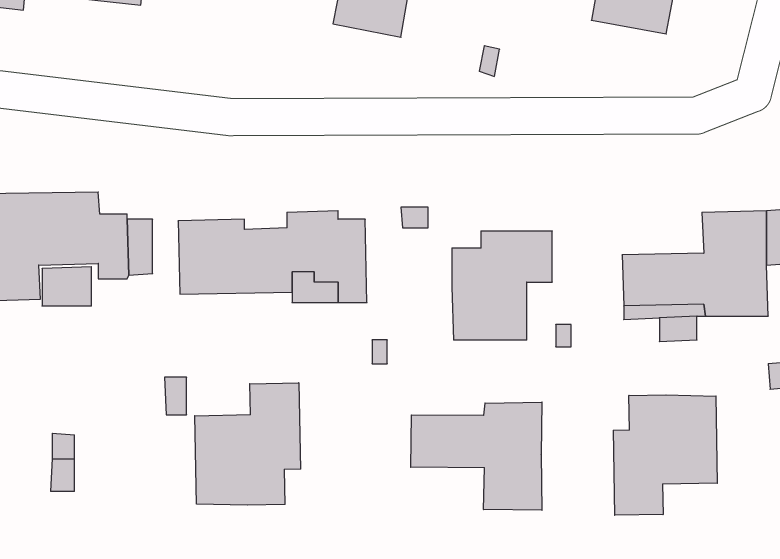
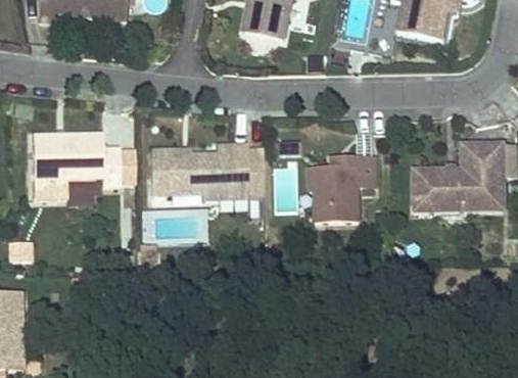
building: [195,383,301,505] -> none
building: [613,395,717,515] -> none
building: [411,402,542,510] -> none

